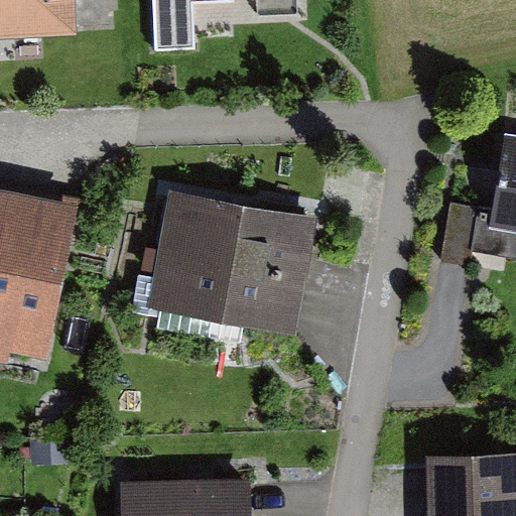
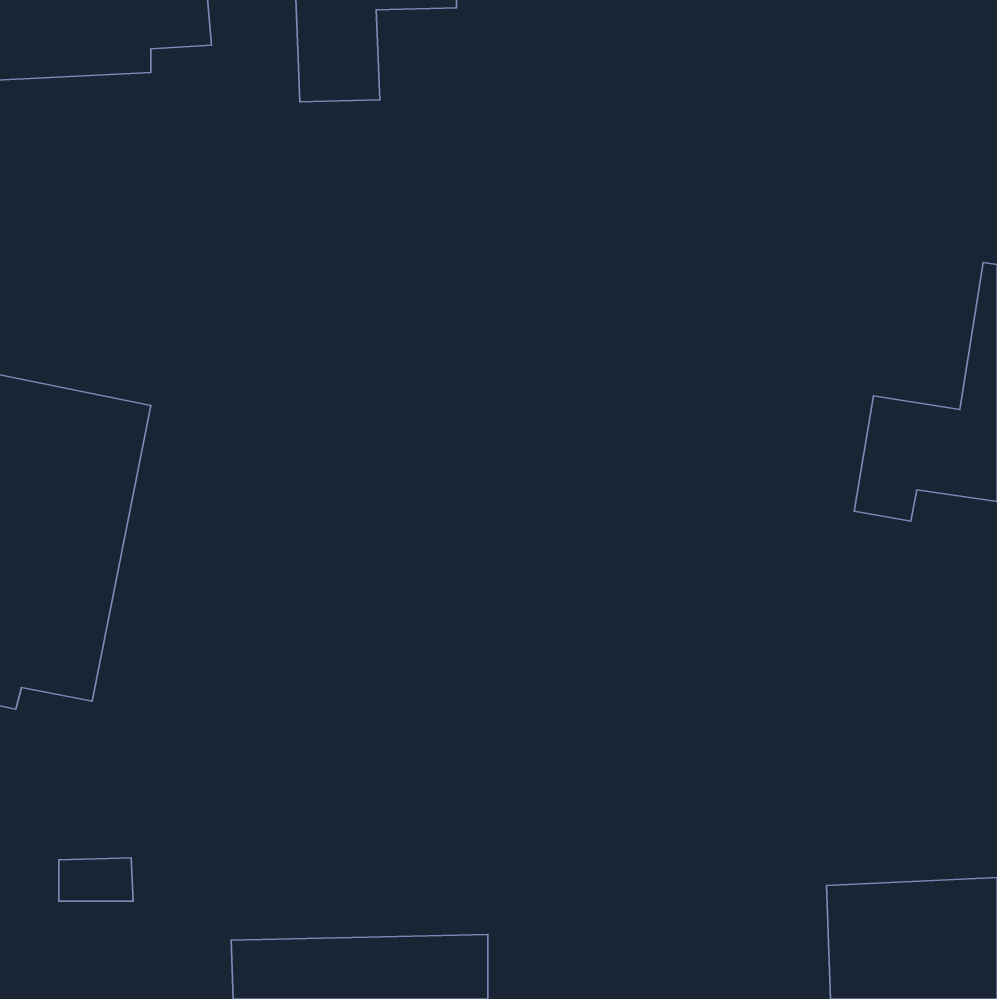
building: [147,191,318,338] -> none

